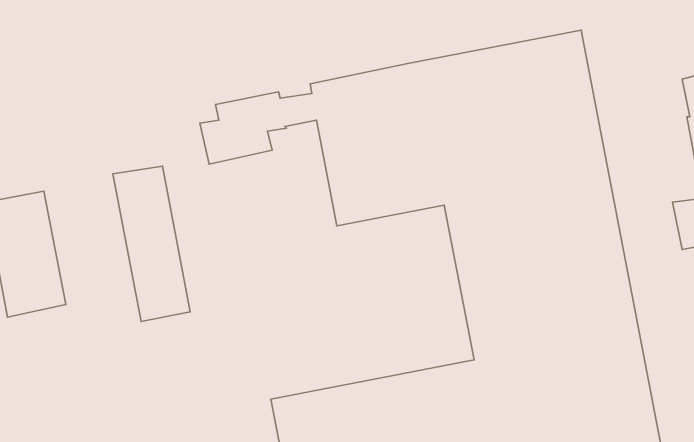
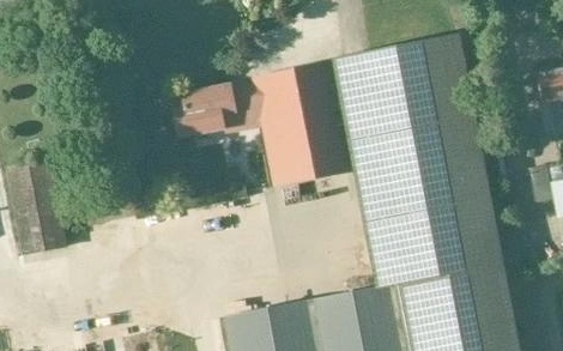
building: [113,166,190,322] -> none

